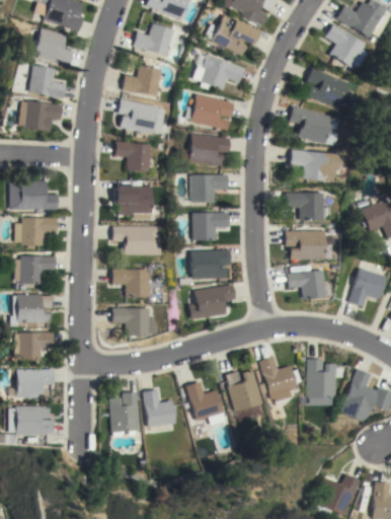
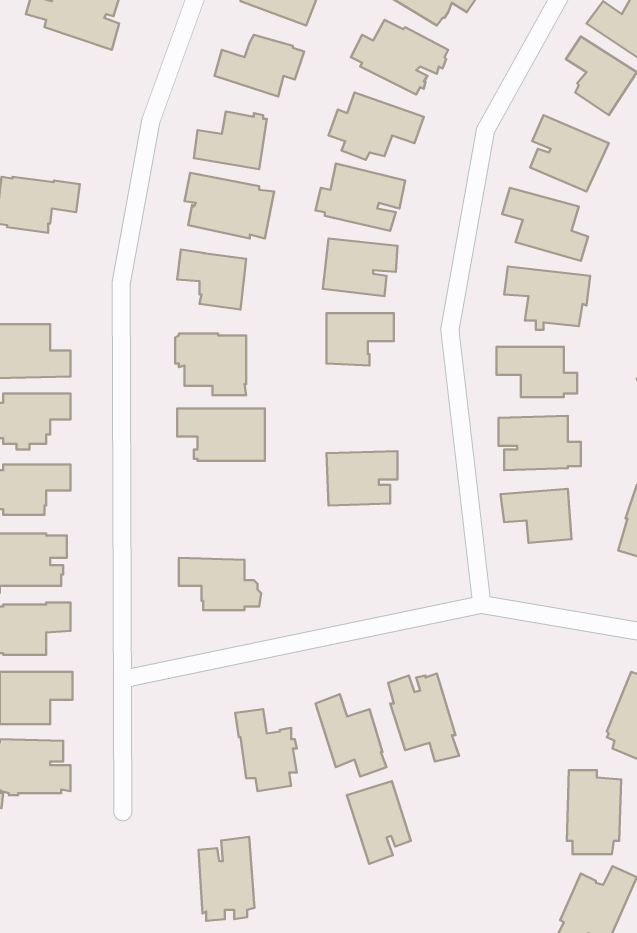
building: [24,26,71,66] -> none
building: [24,65,62,98] -> none
building: [193,212,230,240] -> none
building: [111,269,154,302] -> none
building: [191,284,236,319] -> none
building: [259,357,296,401] -> none
building: [307,359,336,404] -> [567,770,621,854]
building: [110,391,141,437] -> [199,837,255,921]
building: none -> [347,781,411,864]

